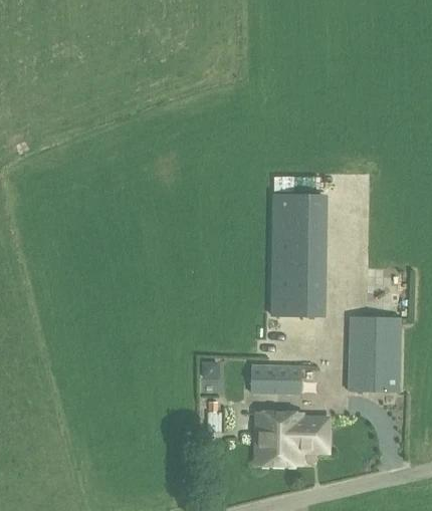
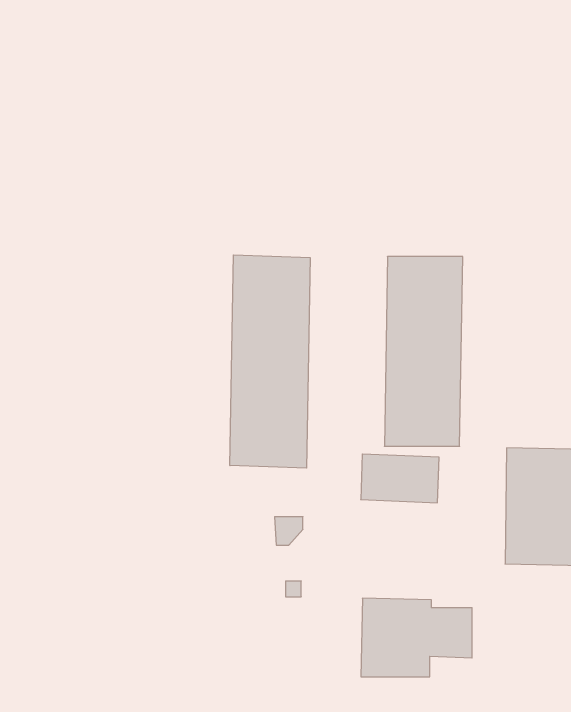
building: none -> [230,255,310,468]
building: [251,363,301,395] -> [361,454,439,503]

